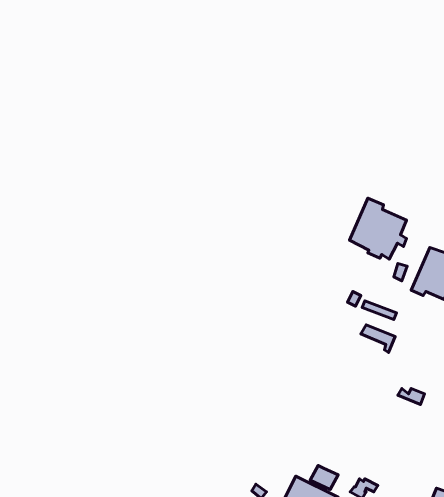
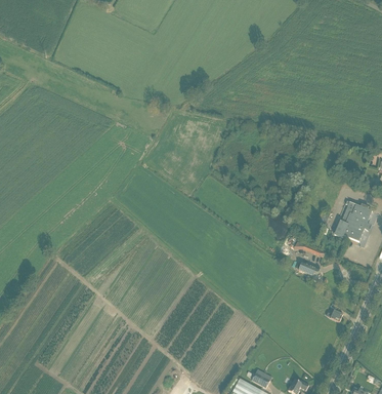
building: [350,198,406,259] -> none

